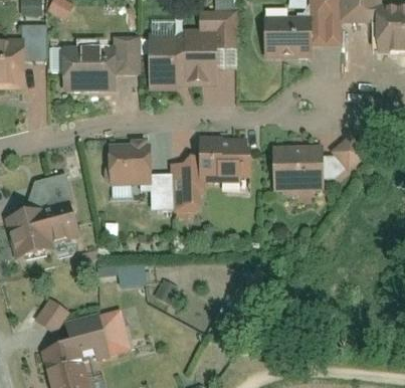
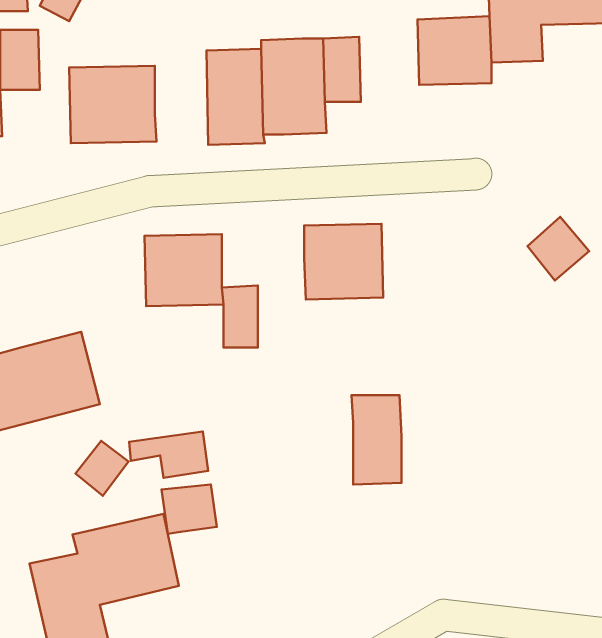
building: [200,10,233,28] -> none
building: [114,35,139,72] -> none
building: [272,145,321,190] -> none
building: [173,157,202,209] -> [352,395,401,484]
building: [28,174,70,209] -> none
building: none -> [162,484,217,534]
building: [34,299,65,331] -> [75,441,129,496]

